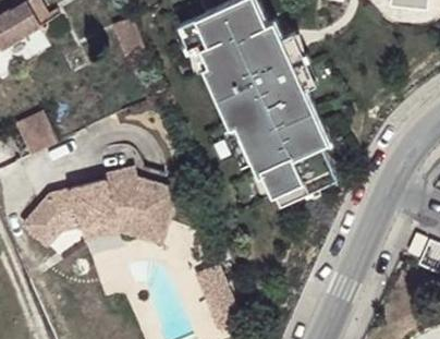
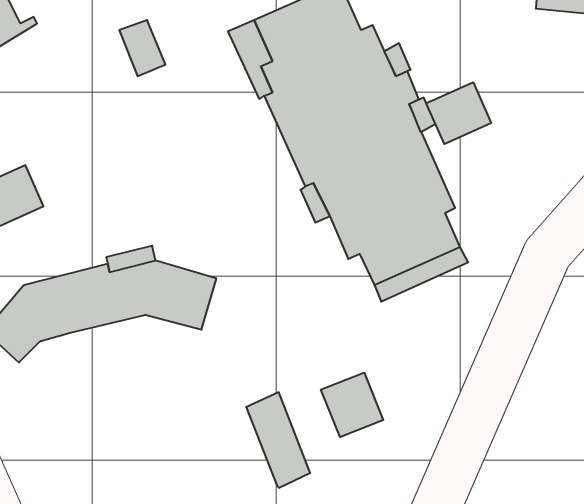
building: none -> [426,82,491,144]
building: [77,213,164,242] -> none
building: none -> [321,373,383,437]

